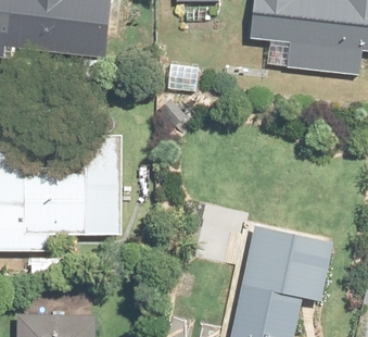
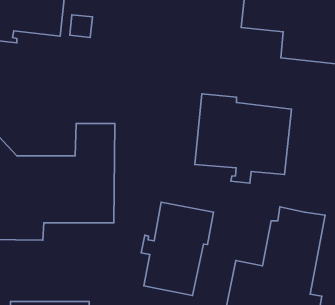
building: none -> [195,94,292,183]
building: none -> [141,202,213,296]

